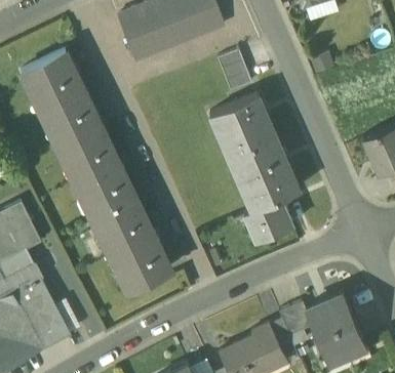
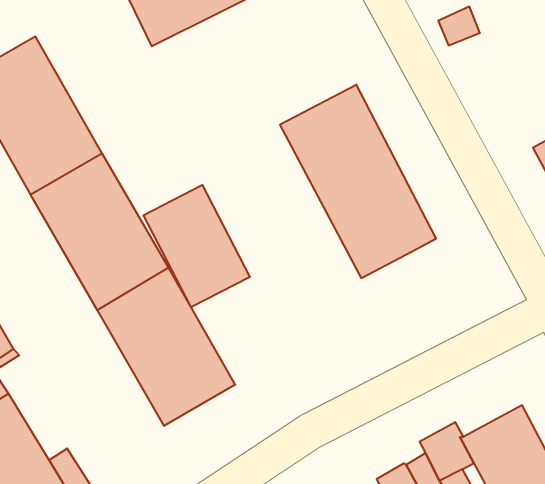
building: [218,49,251,90] -> none
building: none -> [144,185,250,307]
building: [243,197,291,239] -> none

